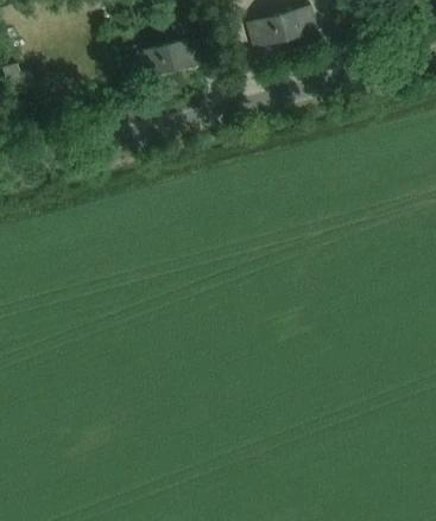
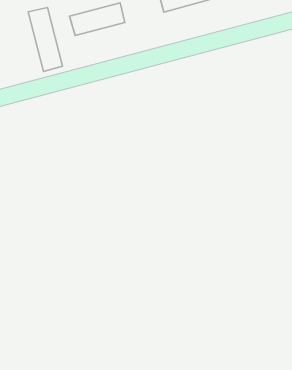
building: none -> [28,7,62,71]

